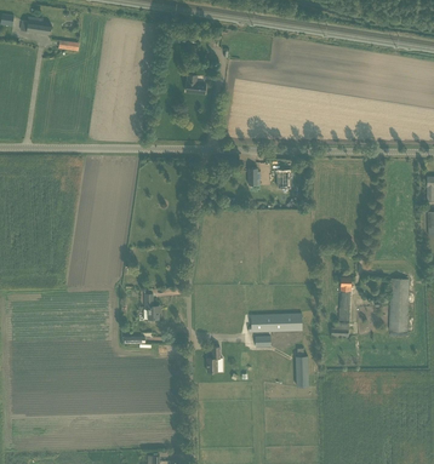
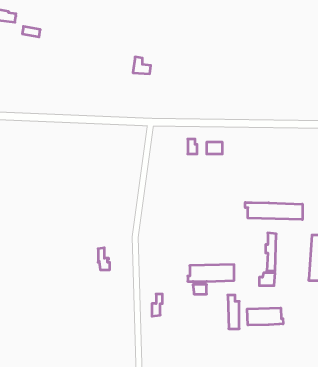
building: none -> [245,202,302,220]
building: none -> [247,308,283,325]

